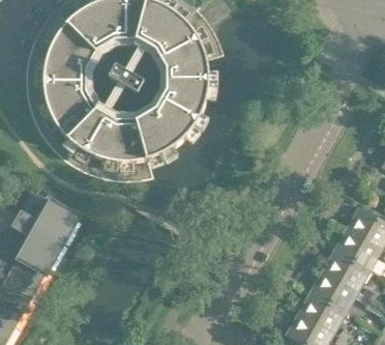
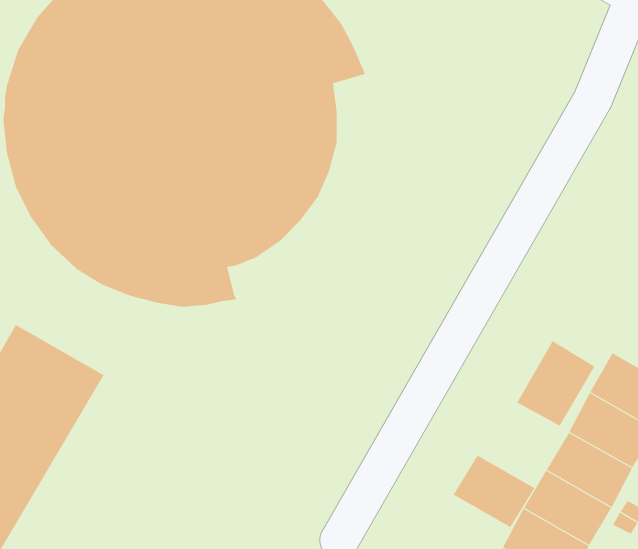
building: none -> [517,340,595,426]
building: none -> [453,455,535,528]

